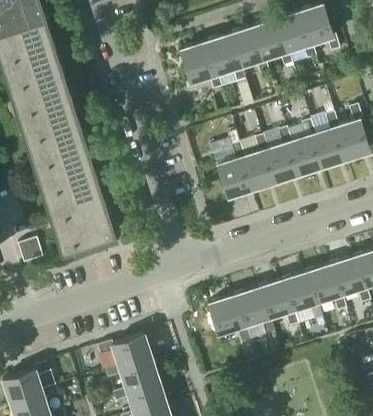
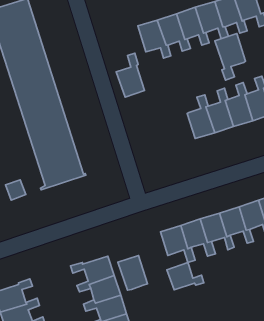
building: none -> [215,34,245,80]
building: [215,144,250,198] -> [116,53,145,97]
building: none -> [118,255,148,290]
building: none -> [167,263,204,290]

